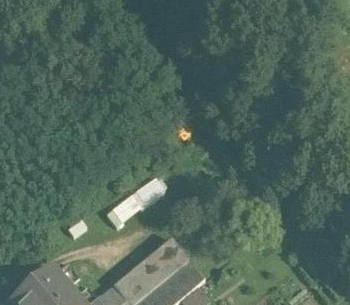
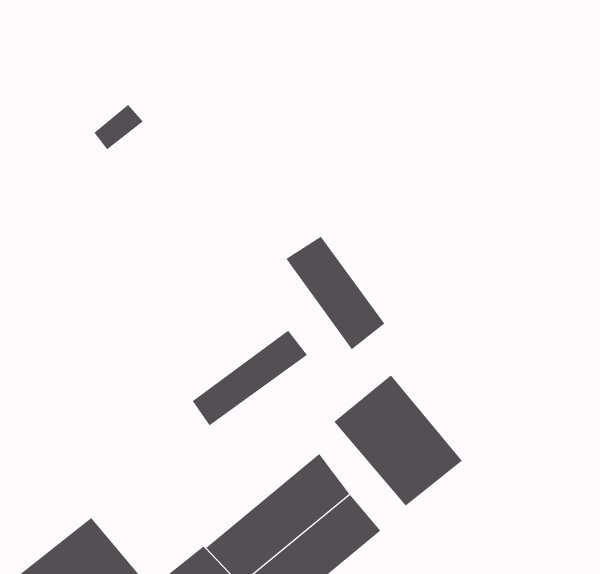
building: none -> [285,236,385,350]
building: none -> [334,374,463,507]

